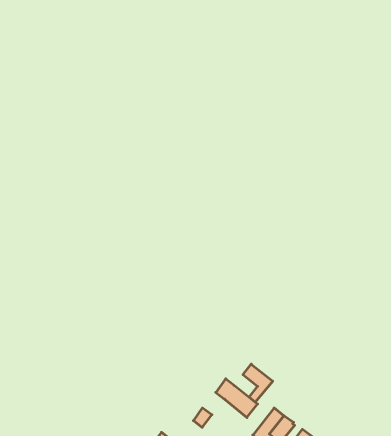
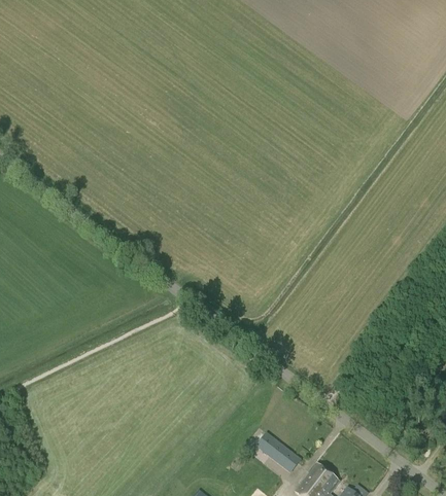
building: [243,364,273,402] -> none

